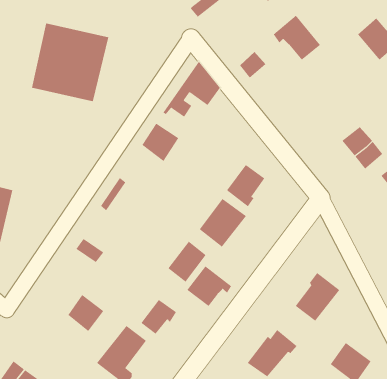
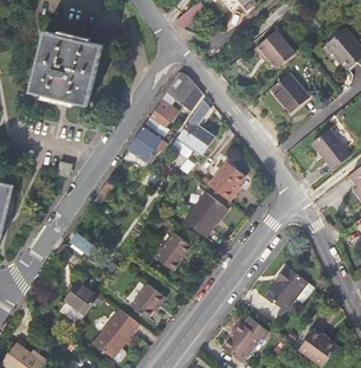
building: none -> [271,75,308,112]
building: none -> [178,101,215,156]
building: [186,265,232,307] -> none

